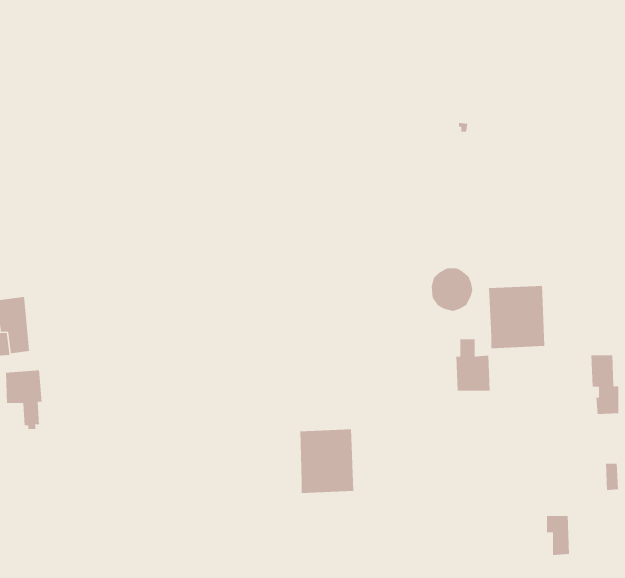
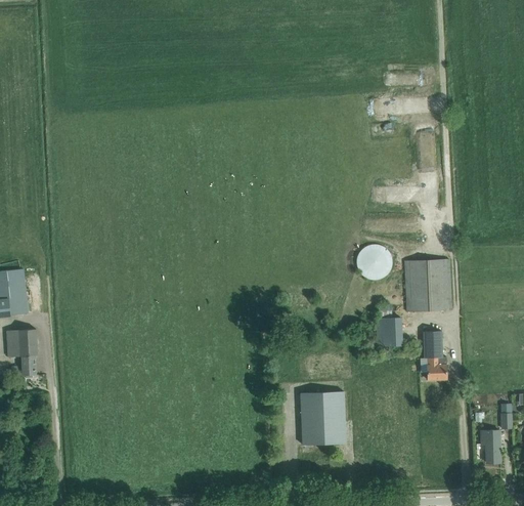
building: [591,355,619,415] -> [423,331,446,380]
building: [300,429,354,493] -> [301,391,346,445]
building: [546,516,570,555] -> [481,430,500,463]

